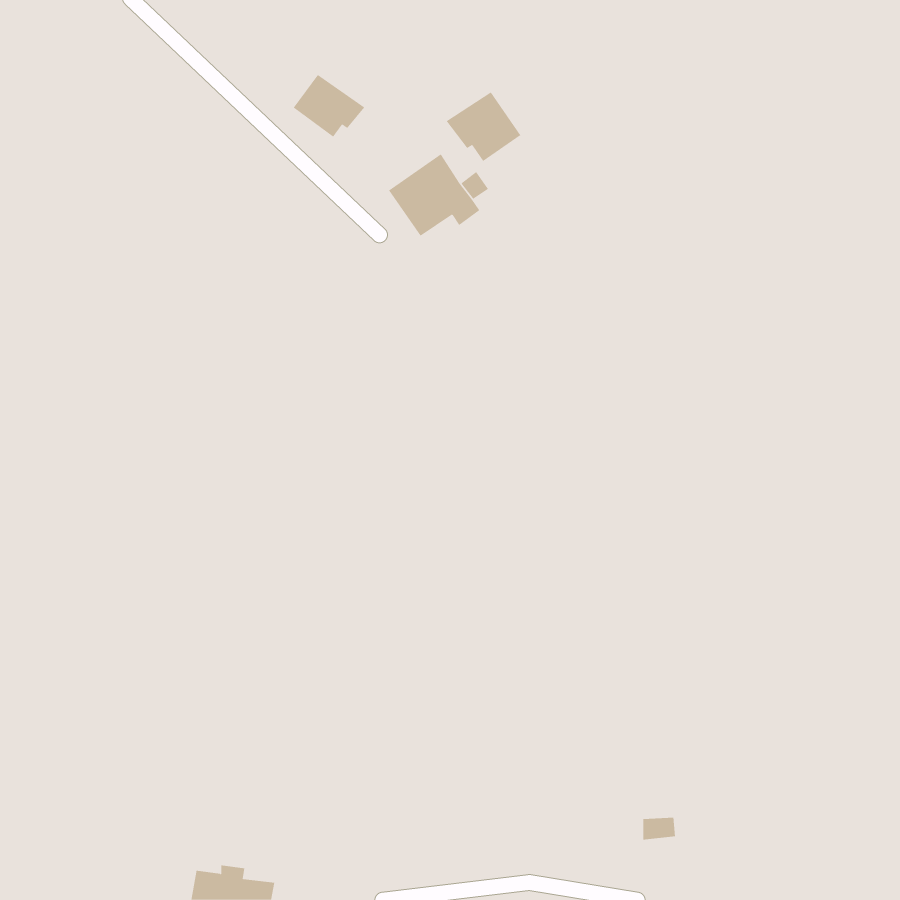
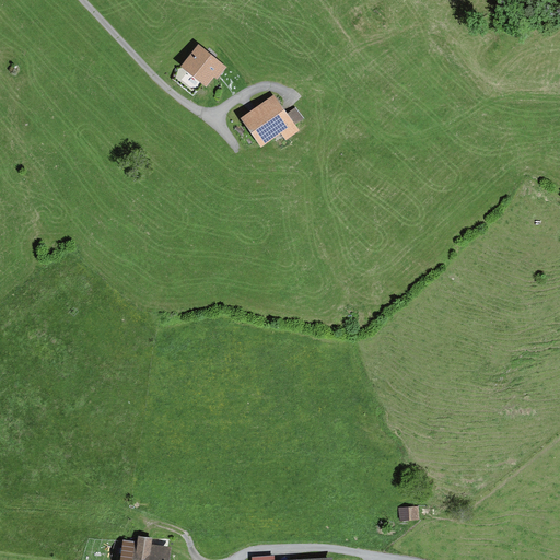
building: [446,92,521,162] -> none

